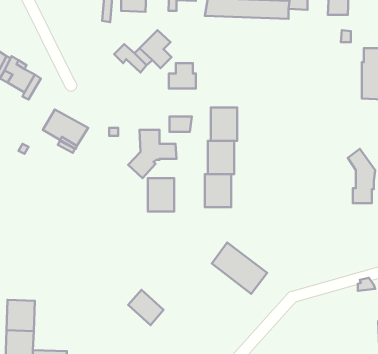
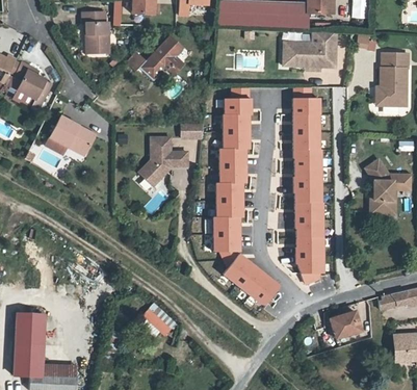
building: none -> [82,12,109,53]
building: none -> [282,32,336,69]
building: [169,63,196,89] -> [225,88,253,114]
building: none -> [293,100,324,274]
building: [148,178,174,211] -> [214,217,241,252]
building: none -> [334,313,361,338]

